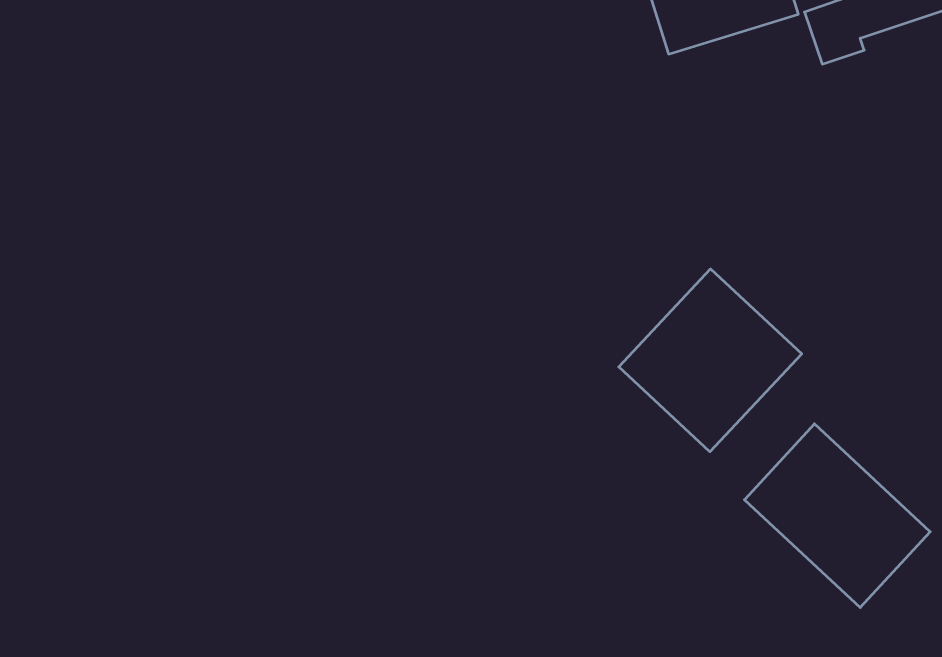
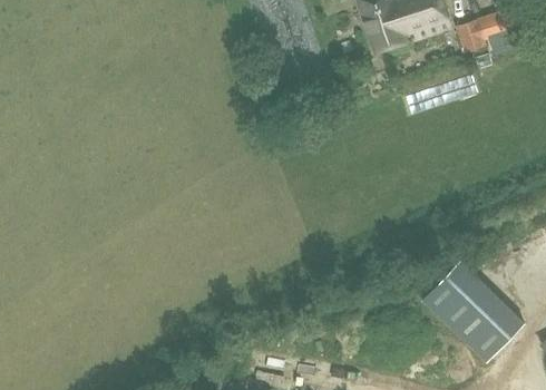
building: [619,269,802,452] -> none

